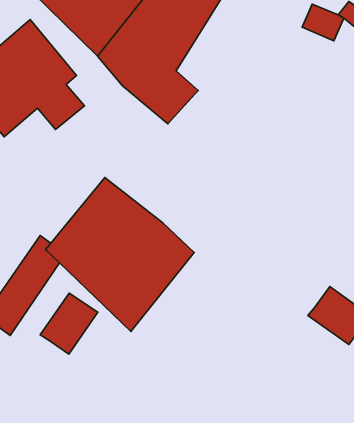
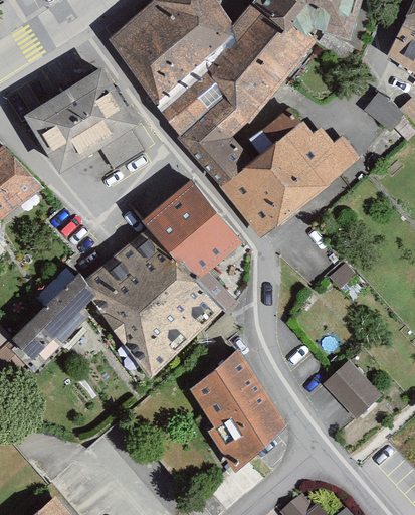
building: none -> [218,117,358,235]
building: none -> [144,179,240,278]
building: none -> [186,350,289,467]
building: [40,293,98,354] -> none

